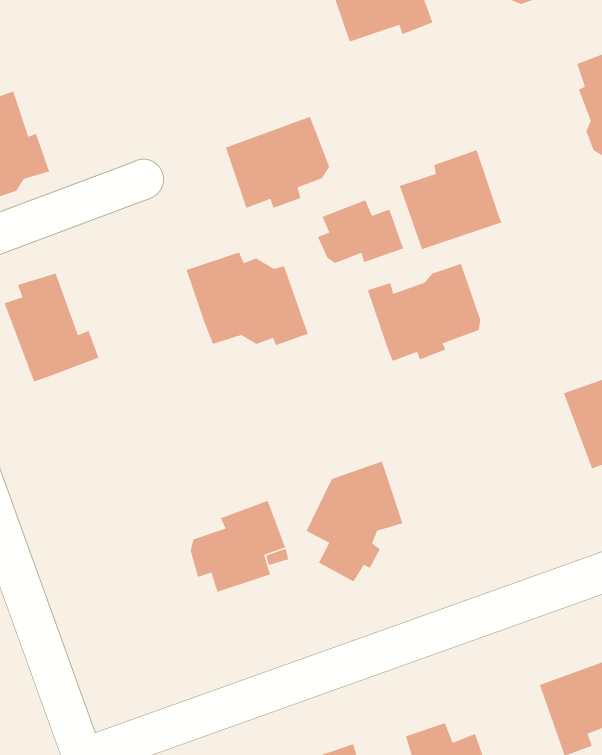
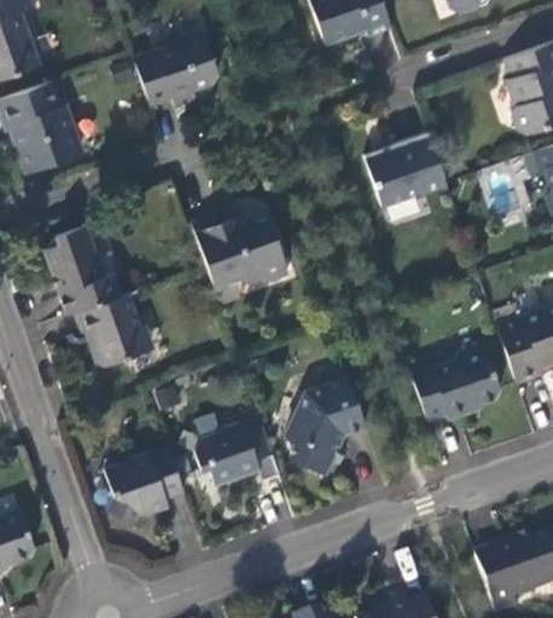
building: [225,116,330,209] -> [134,34,219,109]
building: [317,199,404,264] -> none
building: [367,263,481,362] -> [407,344,499,424]
building: none -> [80,295,149,366]
building: none -> [106,448,185,521]

